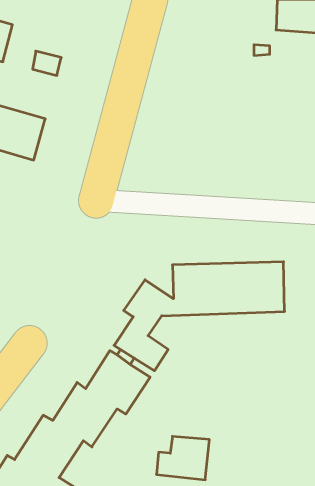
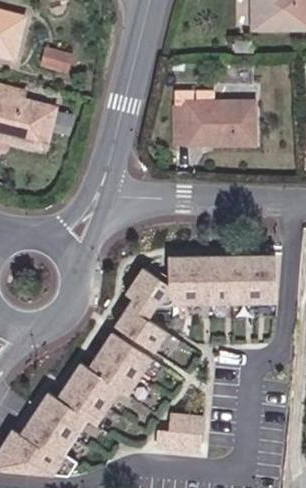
building: none -> [172,103,255,145]

